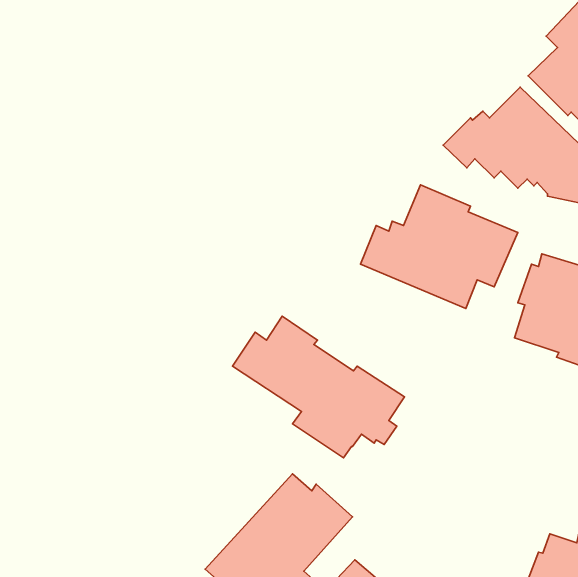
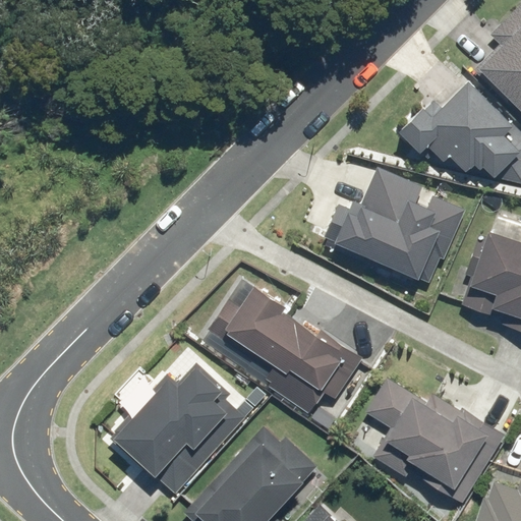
building: none -> [113,366,245,494]
building: none -> [366,378,506,503]

